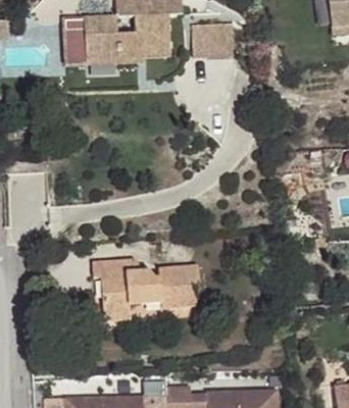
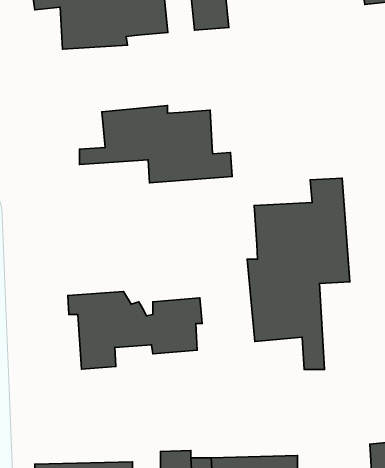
building: none -> [79,106,232,183]
building: none -> [247,178,350,370]

